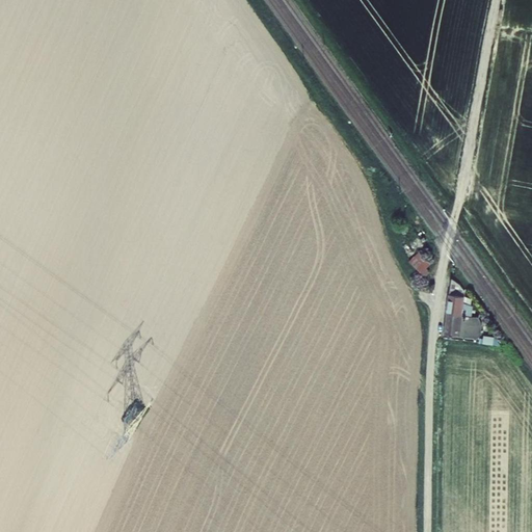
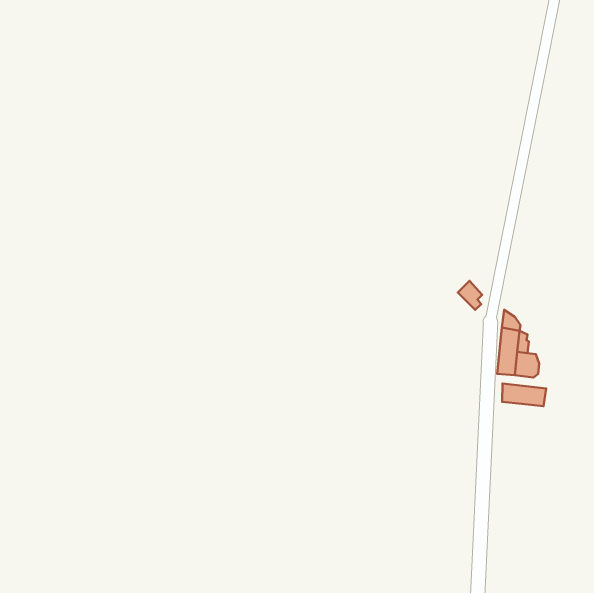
building: none -> [502,384,546,406]

